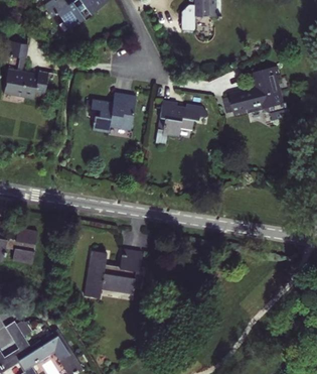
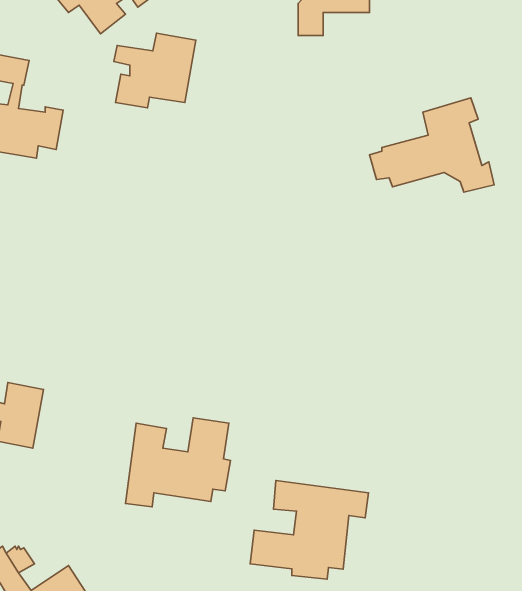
building: [90,92,136,134] -> [114,33,196,108]
building: [155,101,207,145] -> none
building: none -> [250,480,369,579]

